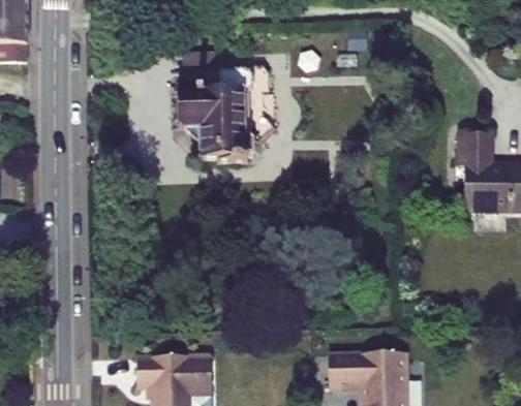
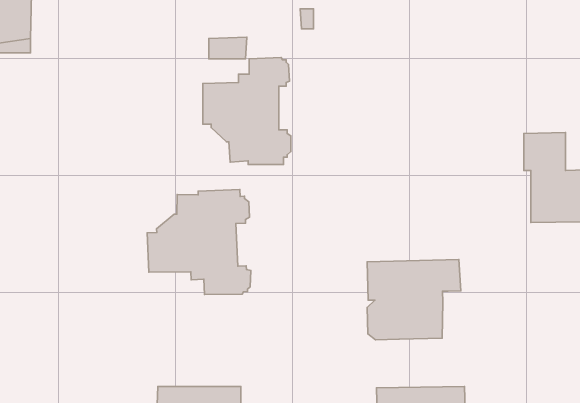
building: none -> [147,190,251,294]
building: none -> [367,260,461,340]

